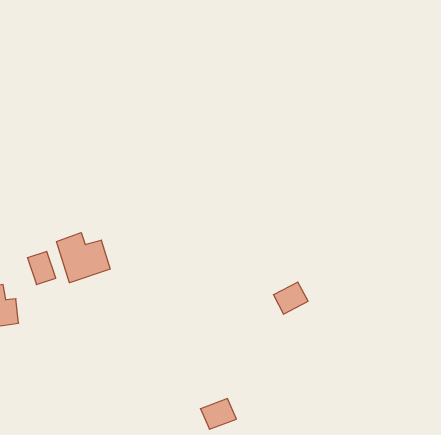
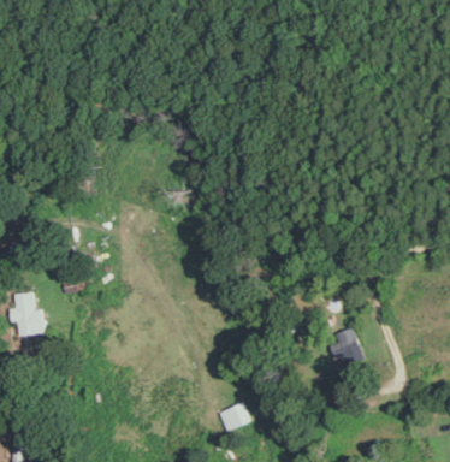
building: [56,233,110,283] -> none
building: [273,282,308,314] -> [328,337,361,367]

